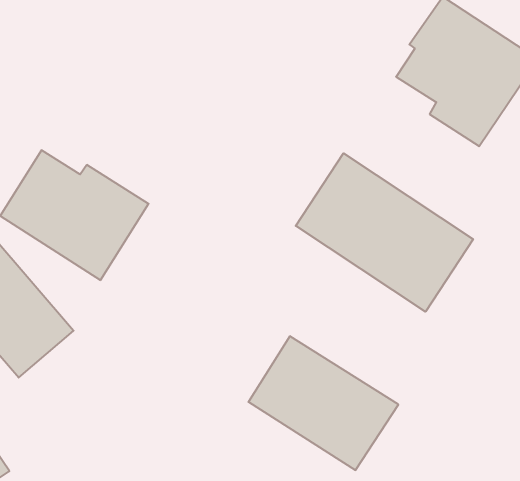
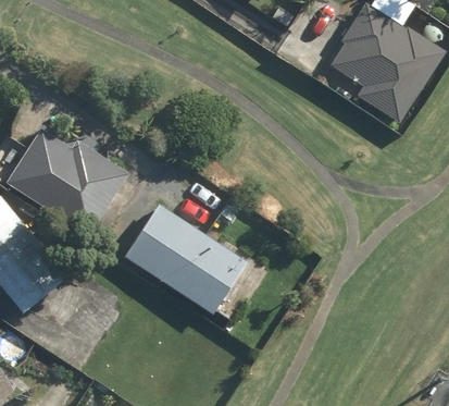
building: [296,153,473,312] -> none
building: [248,336,398,470] -> [124,204,246,312]

